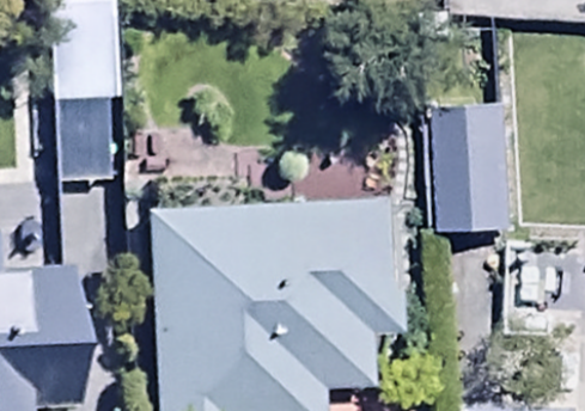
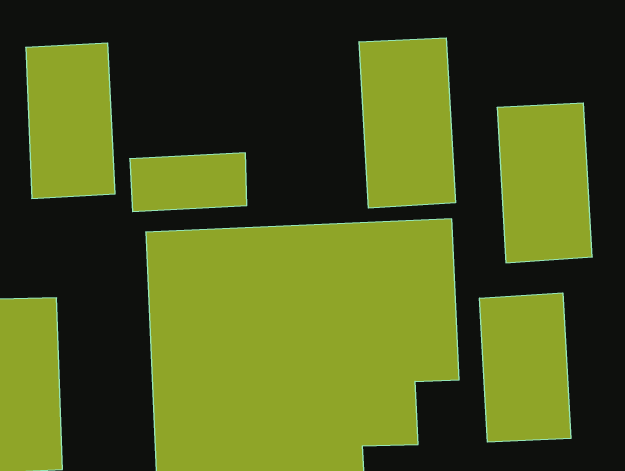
building: none -> [359,38,455,208]
building: none -> [480,293,571,442]

